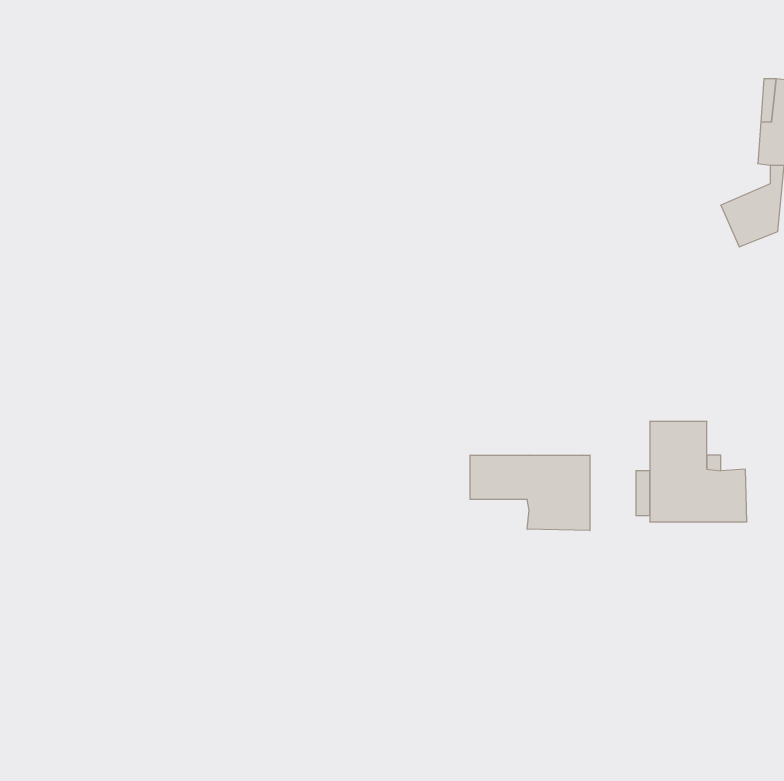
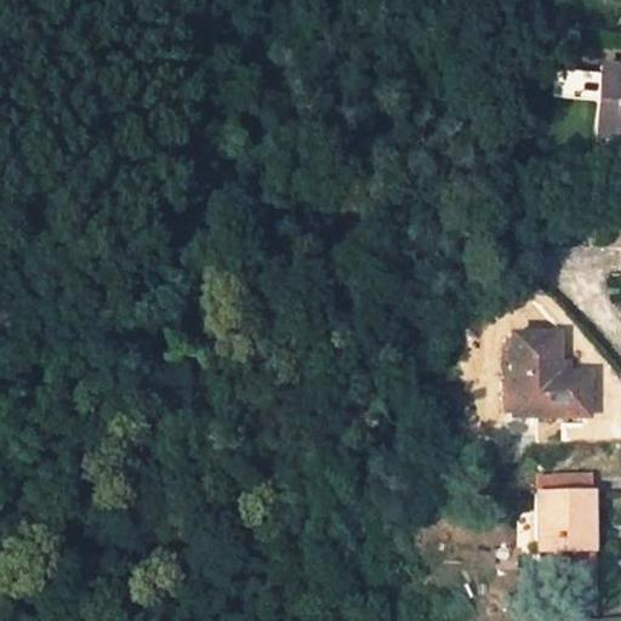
building: [470,455,590,531] -> none
building: none -> [536,488,599,600]

